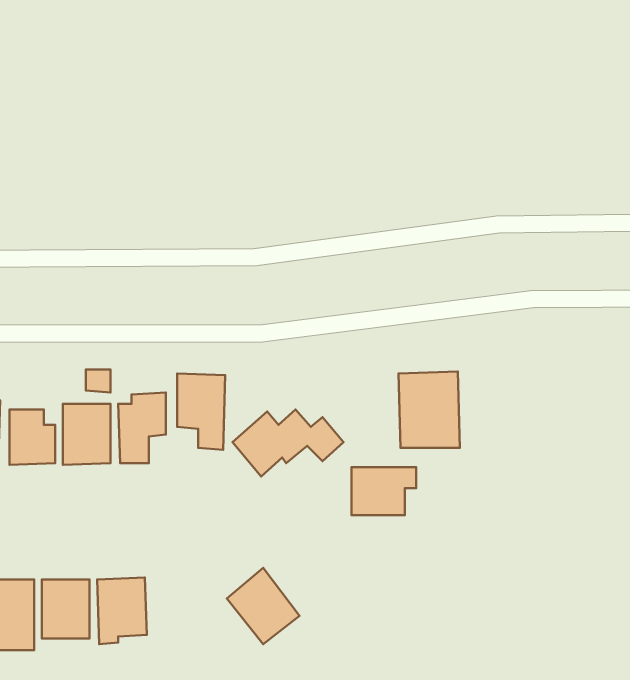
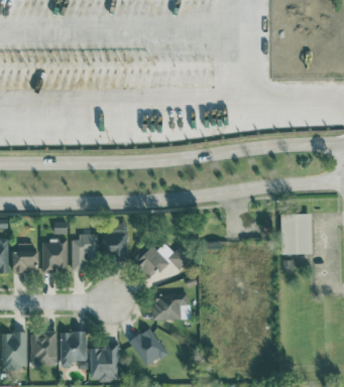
building: [399,372,460,448] -> [280,214,313,254]
building: [351,467,416,515] -> [153,294,188,319]
building: none -> [90,343,119,381]

